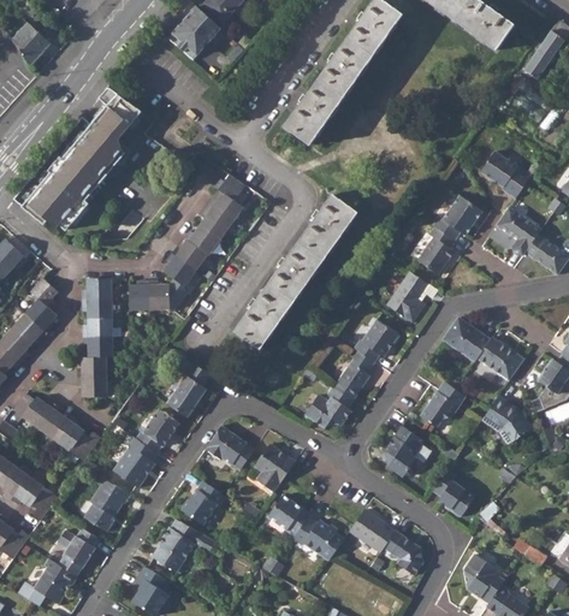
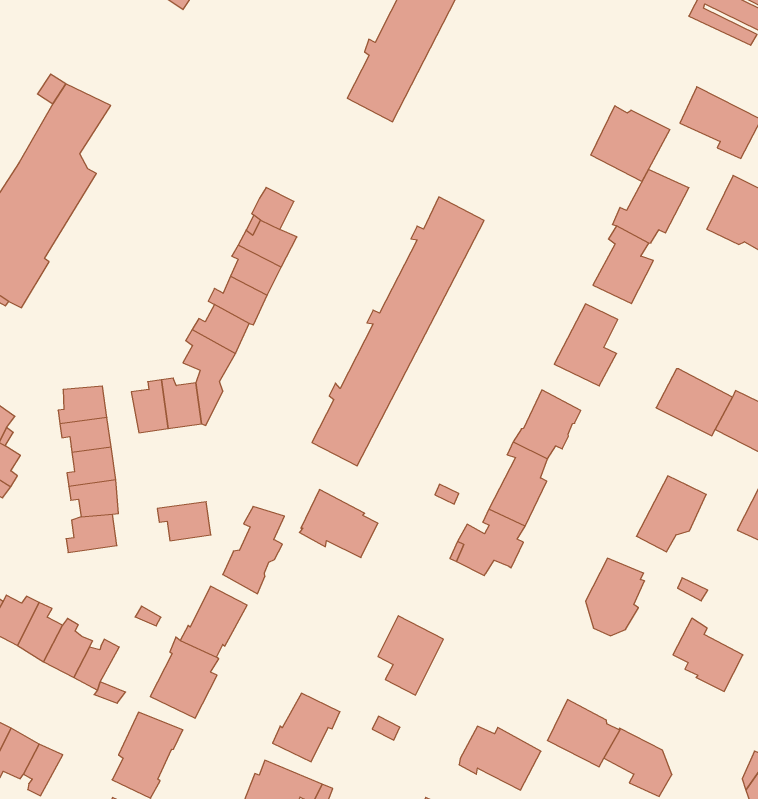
building: none -> [591,106,670,182]
building: [77,377,107,397] -> [157,502,211,541]
building: [207,425,255,469] -> [299,490,378,558]
building: [269,493,312,534] -> none

